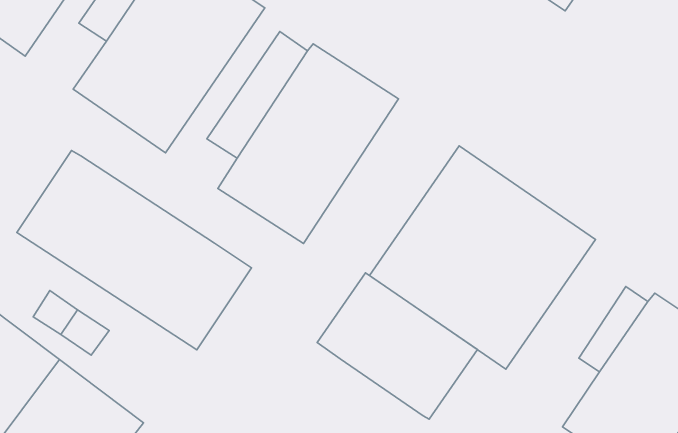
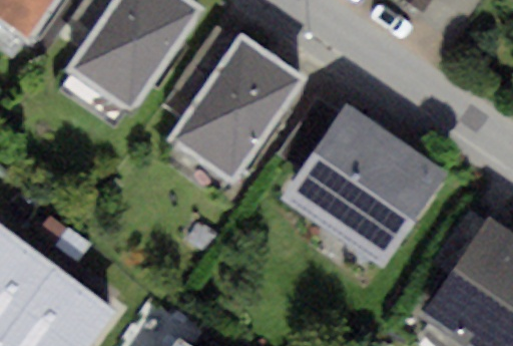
building: [17,150,251,350] -> none
building: [317,273,477,419] -> none

